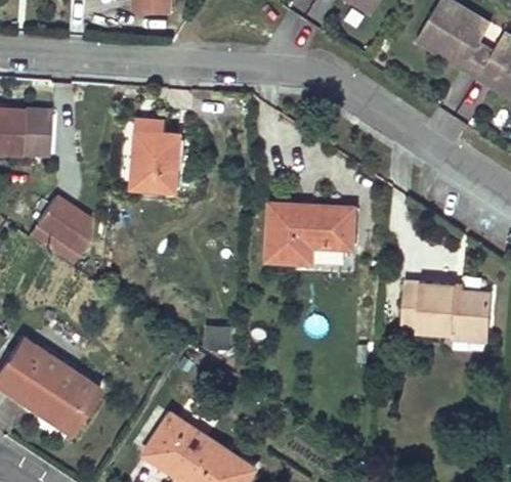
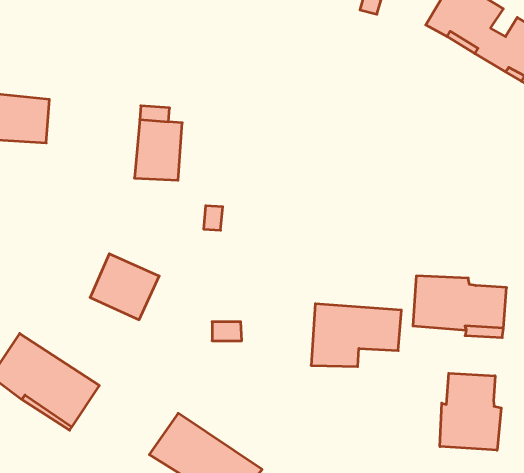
building: [30,192,96,256] -> [90,254,159,320]
building: [266,204,353,264] -> [311,304,401,367]
building: none -> [440,373,501,450]

